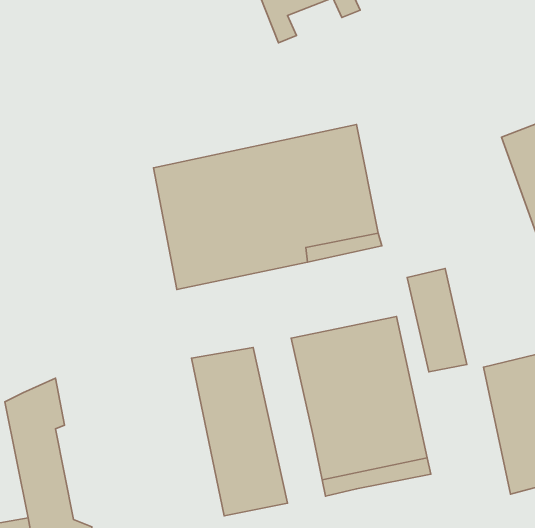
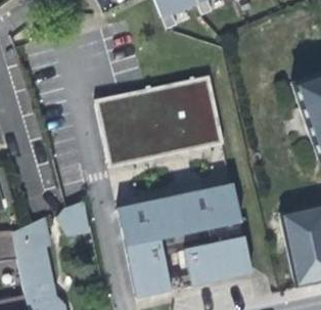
building: [407,268,467,372] -> [152,195,186,254]
building: none -> [53,203,90,239]

